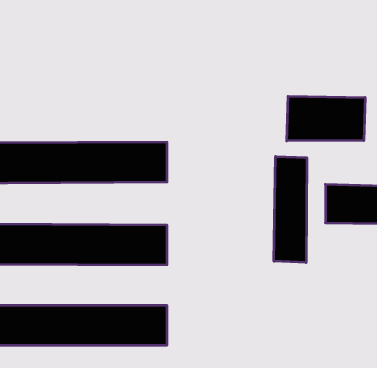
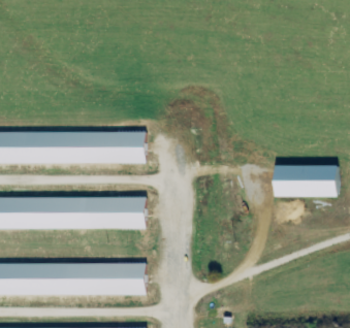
building: [287,96,365,141] -> none
building: [274,156,307,263] -> none

